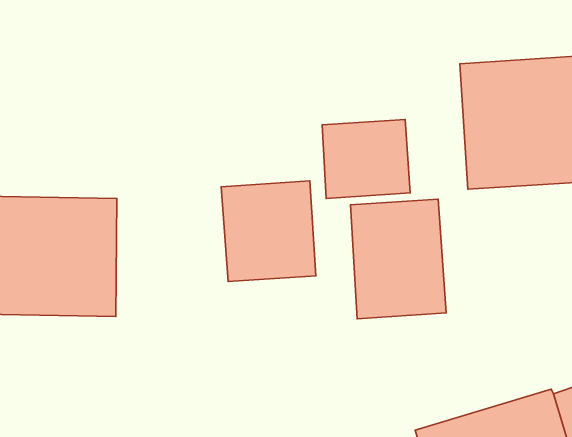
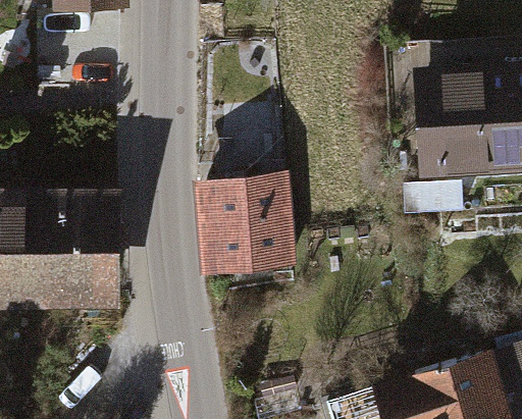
building: [322,119,410,198] -> none
building: [351,199,446,319] -> none

